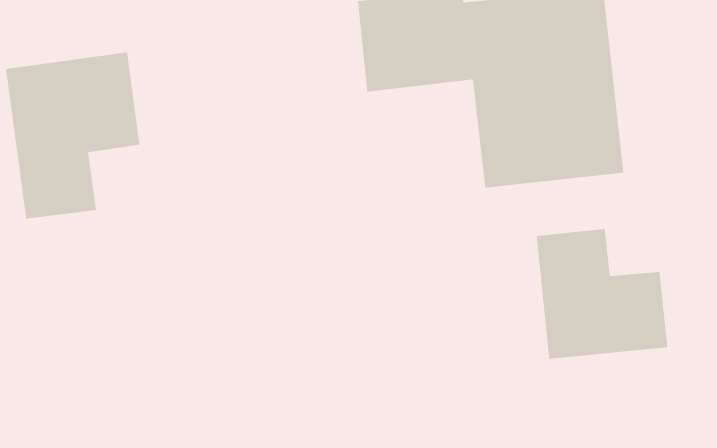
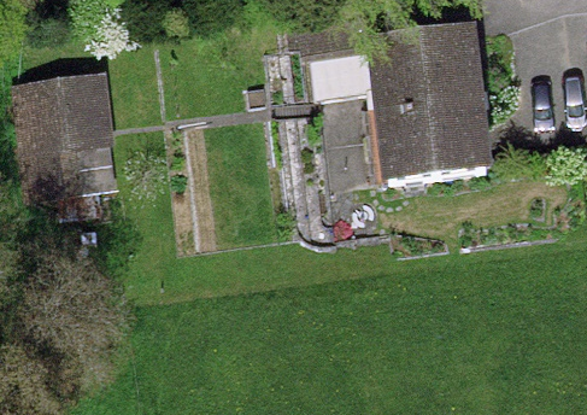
building: [536,228,668,360] -> none

